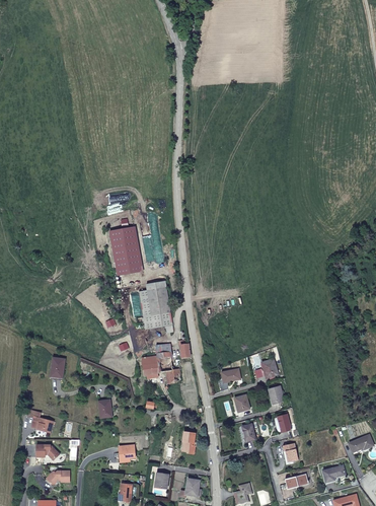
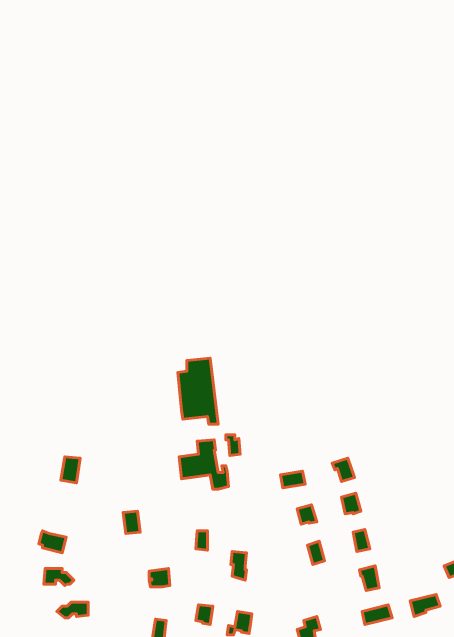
building: [112,226,145,274] -> none

